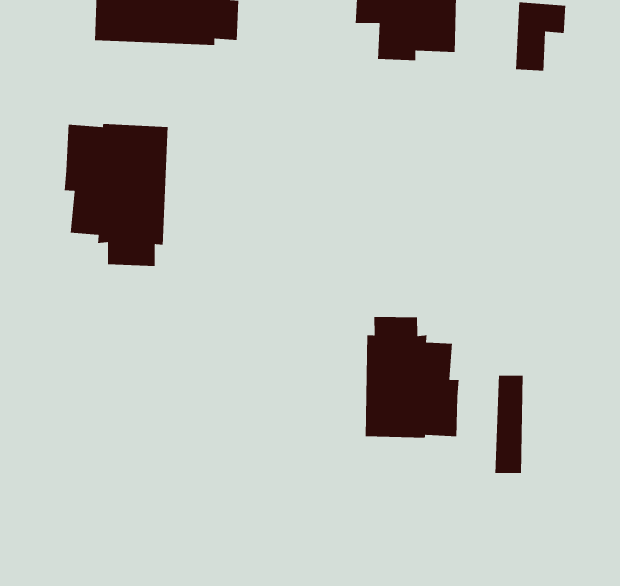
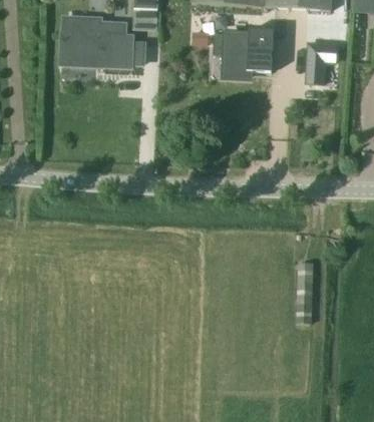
building: [64,123,169,267] -> none
building: [365,316,459,438] -> none

